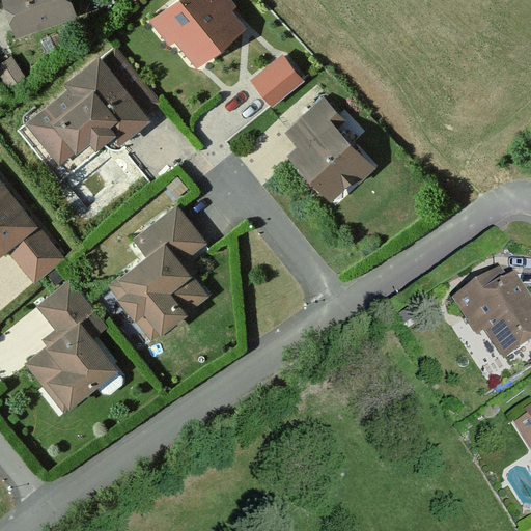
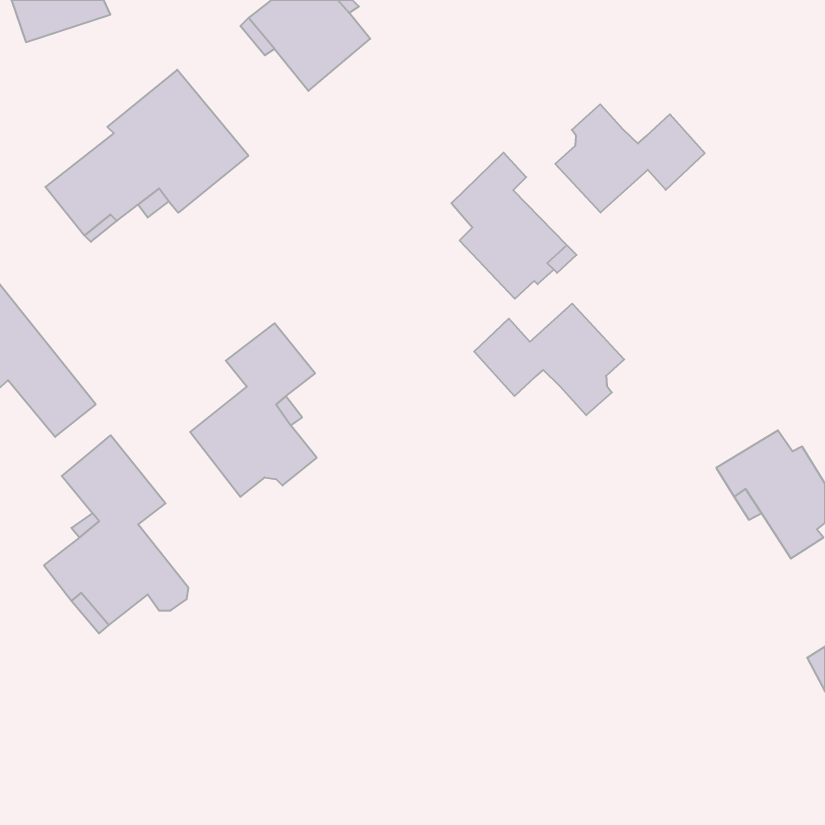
building: [251,58,299,106] -> none
building: none -> [555,104,705,213]
building: none -> [474,304,624,415]
building: [112,279,180,336] -> none

